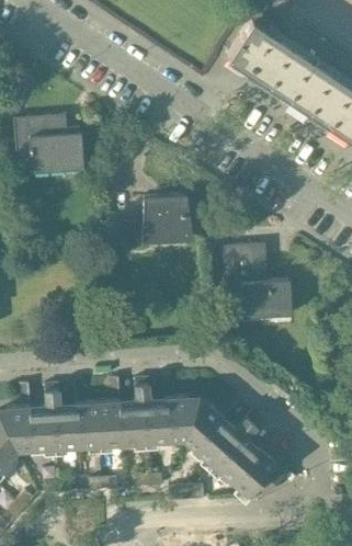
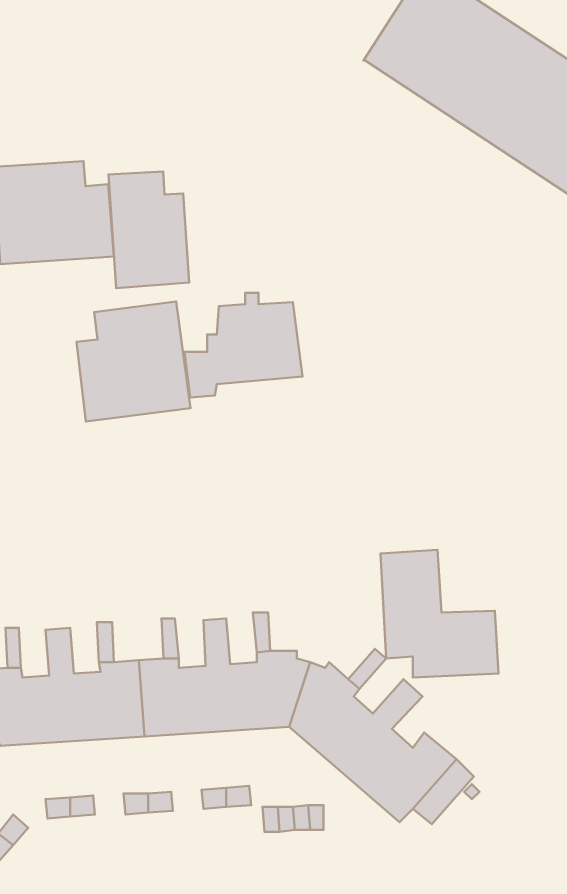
building: none -> [108,172,189,288]
building: none -> [77,301,191,422]
building: [225,250,293,323] -> [380,550,499,677]

